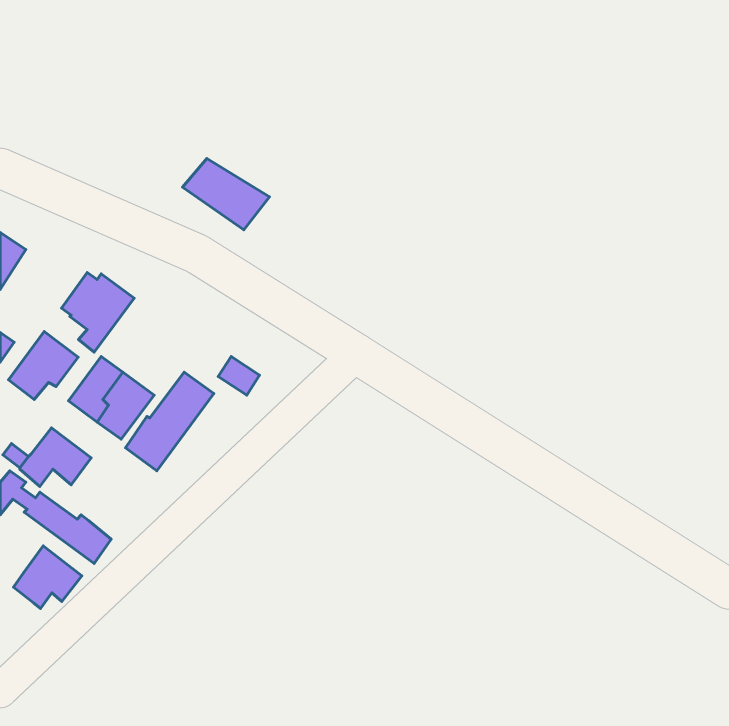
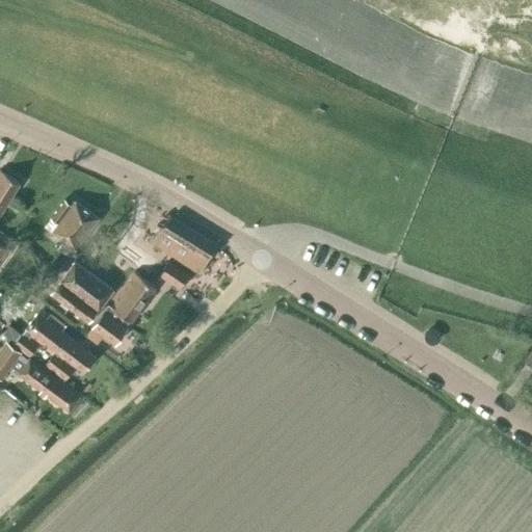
building: [183,158,270,230] -> [152,218,215,270]
building: [8,331,78,400] -> none
building: [13,546,82,608] -> [45,336,95,381]

